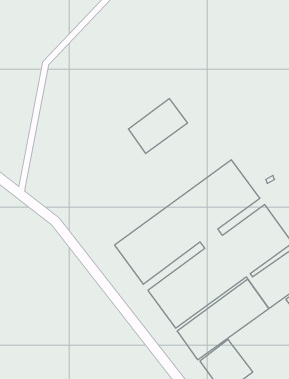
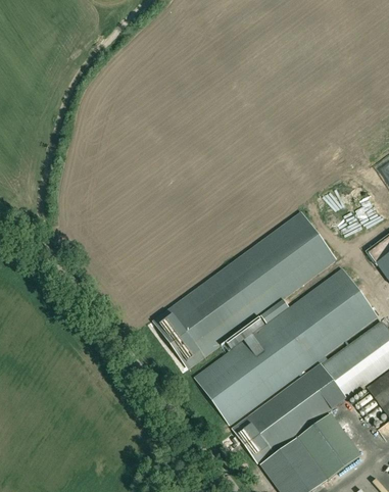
building: [128,98,187,154] -> none
building: none -> [296,412,360,478]

